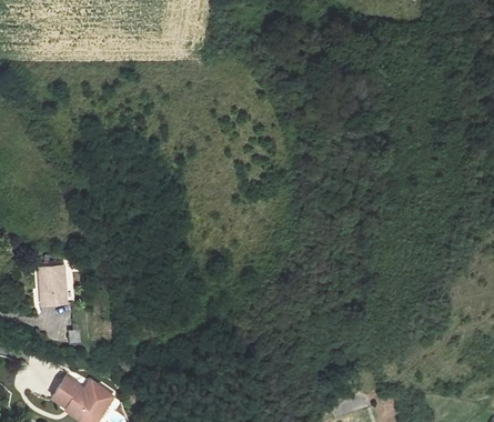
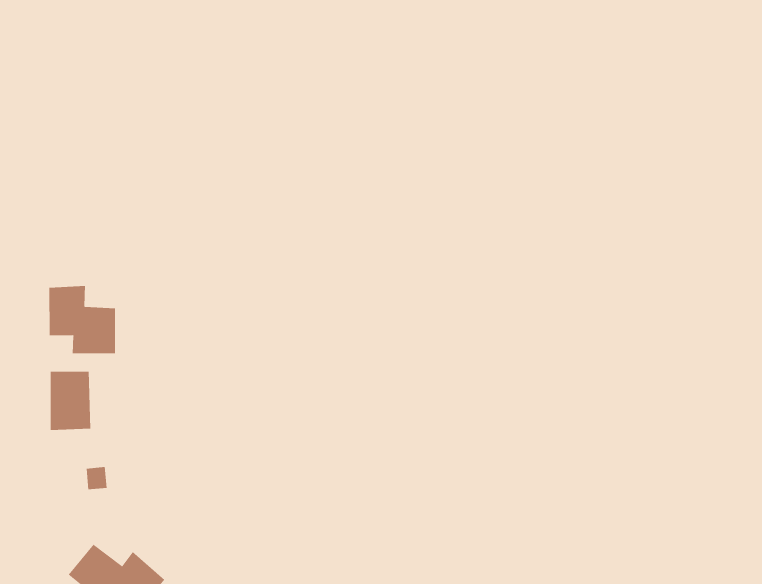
building: none -> [49,285,115,354]

